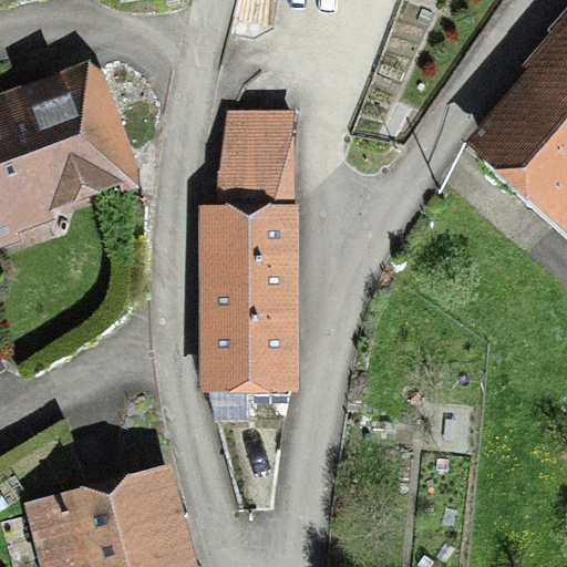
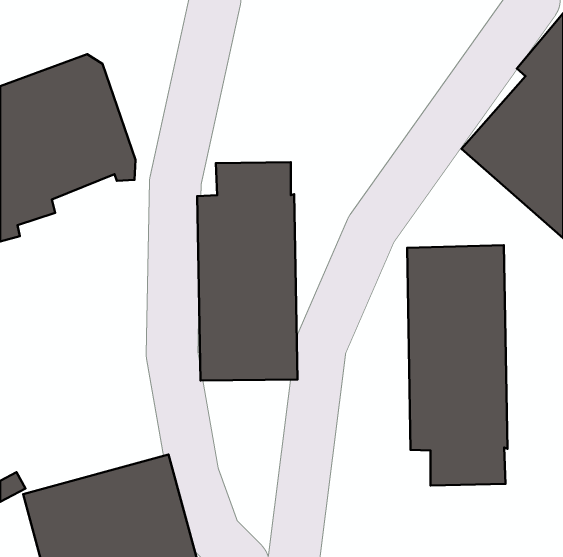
building: [217,112,293,171] -> none
building: none -> [407,245,507,485]

